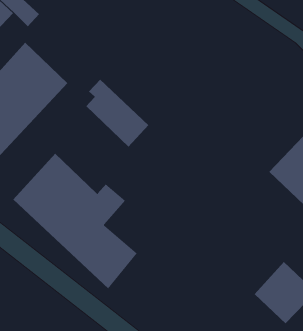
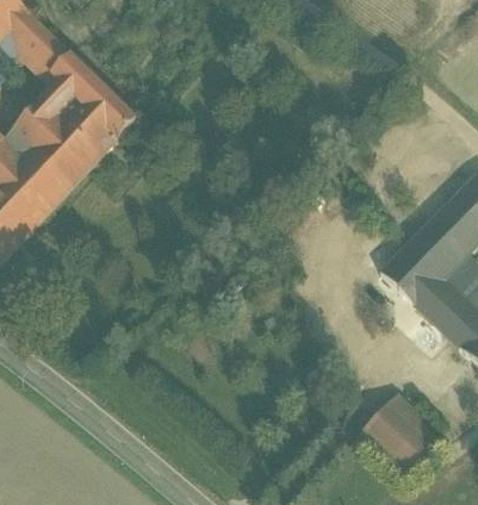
building: [86,79,149,148] -> [46,52,135,148]
building: [12,153,138,289] -> none

